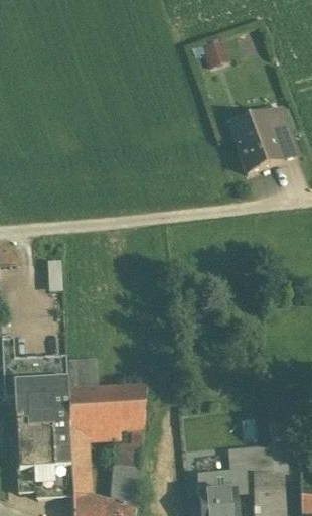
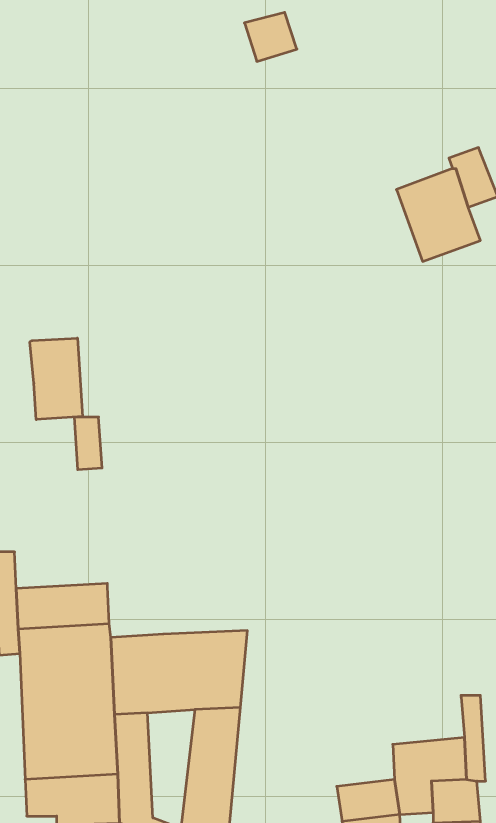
building: [203,37,233,66] -> [244,12,297,61]
building: none -> [30,338,83,420]
building: [65,358,98,389] -> none

